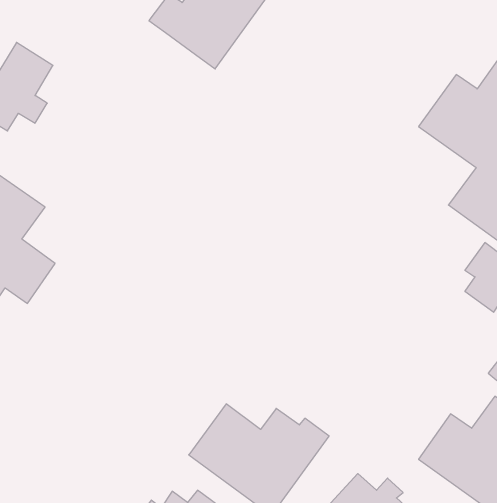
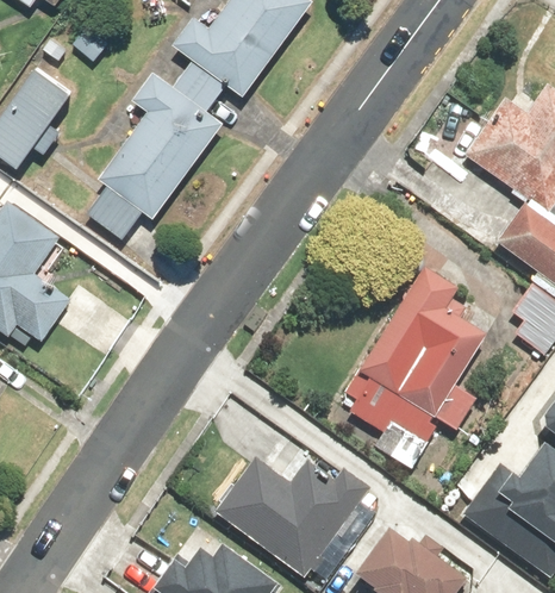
building: none -> [91,55,226,233]
building: none -> [345,268,493,470]

